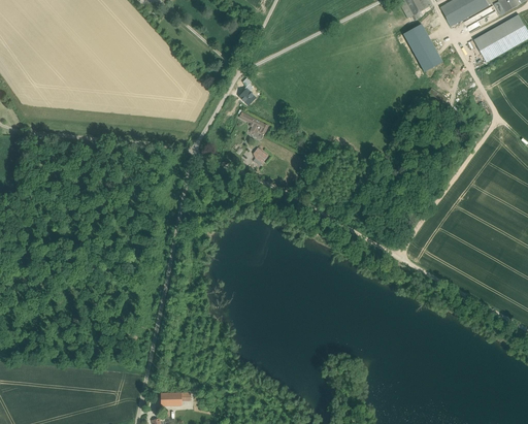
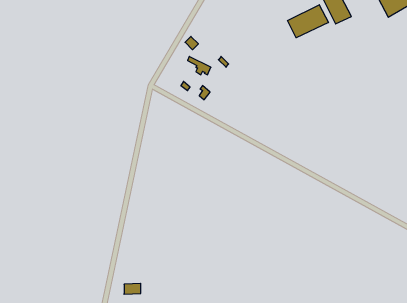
building: none -> [288,5,328,38]

